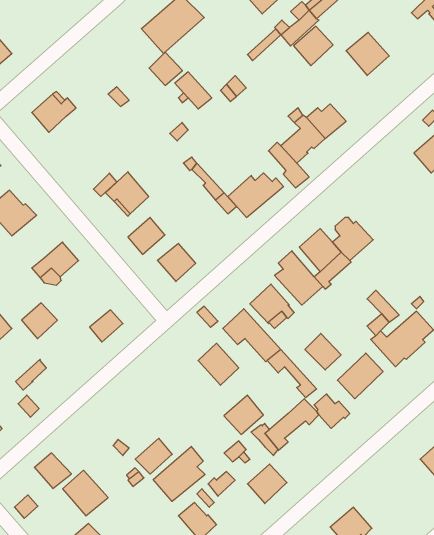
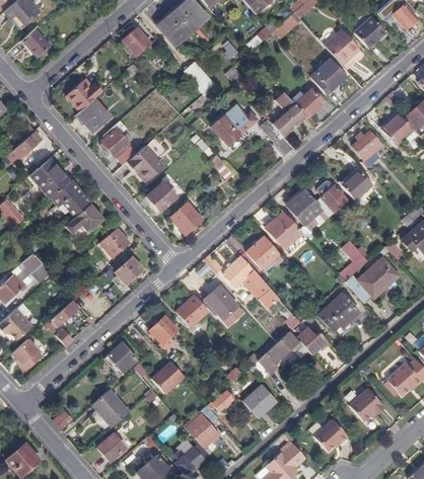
building: none -> [355,15,388,49]
building: [294,26,333,66] -> [312,61,345,93]
building: [149,52,182,85] -> [124,27,151,55]
building: none -> [77,98,112,133]
building: none -> [102,119,130,154]
building: none -> [352,131,381,167]
building: [228,173,283,217] -> [212,107,258,144]
building: none -> [342,170,372,201]
building: none -> [53,179,92,215]
building: [22,303,57,339] -> [99,228,129,257]
building: [305,333,341,370] -> none
building: none -> [149,316,178,344]
building: [224,395,263,434] -> [174,296,207,328]
building: [153,446,205,501] -> none
building: [34,453,71,489] -> [108,342,138,372]
building: none -> [349,389,383,421]

